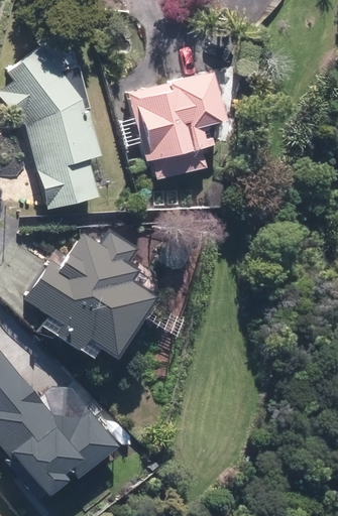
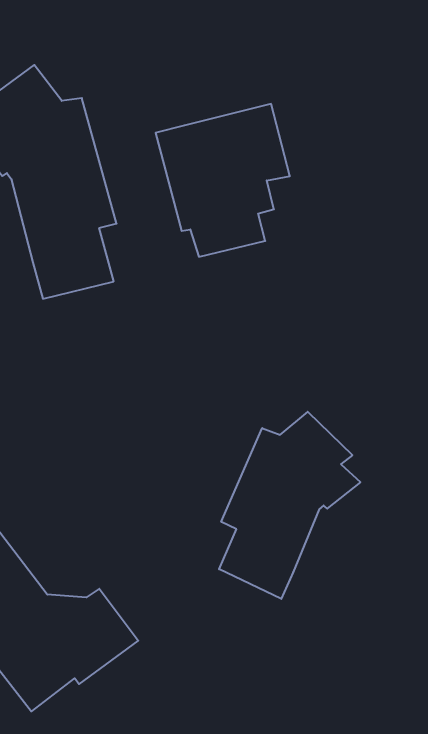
building: [24,230,155,360] -> none
building: none -> [219,412,360,599]

